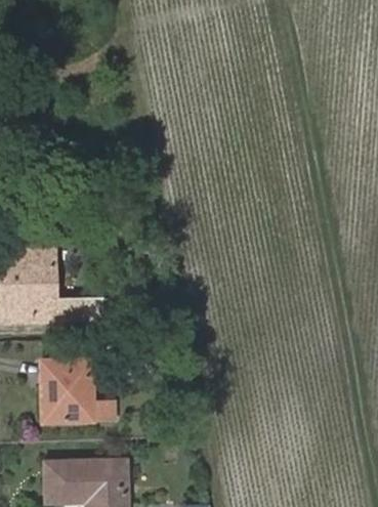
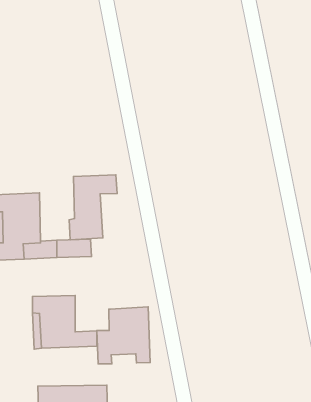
building: none -> [69,175,117,240]
building: none -> [97,307,150,364]

